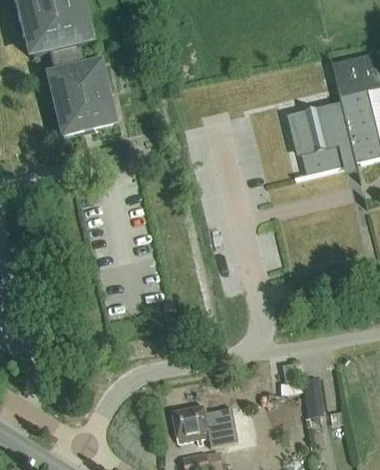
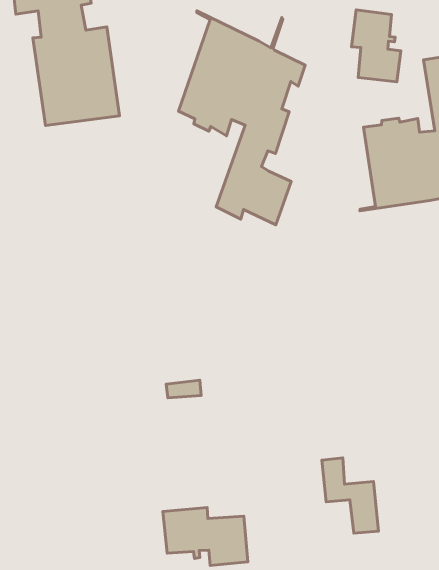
building: none -> [352,10,401,82]
building: none -> [179,11,305,225]

